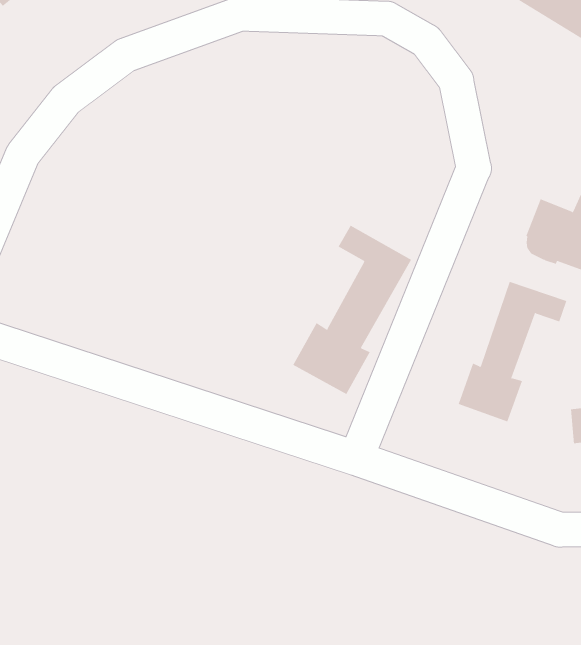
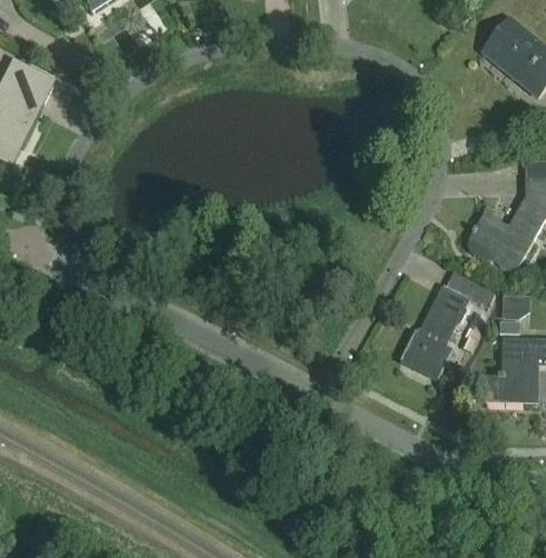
building: [293,225,412,395] -> none

